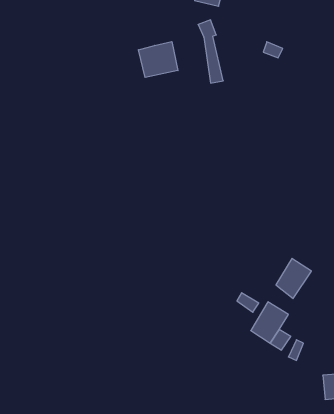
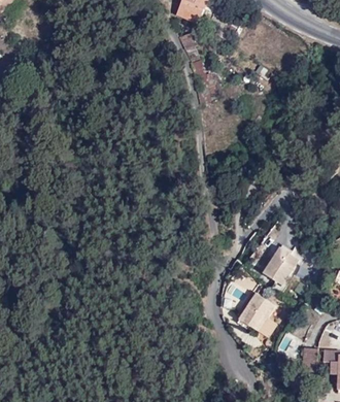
building: [138,42,178,77] -> none

